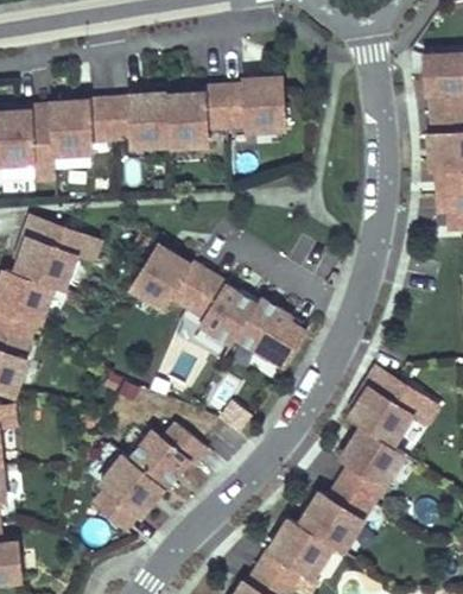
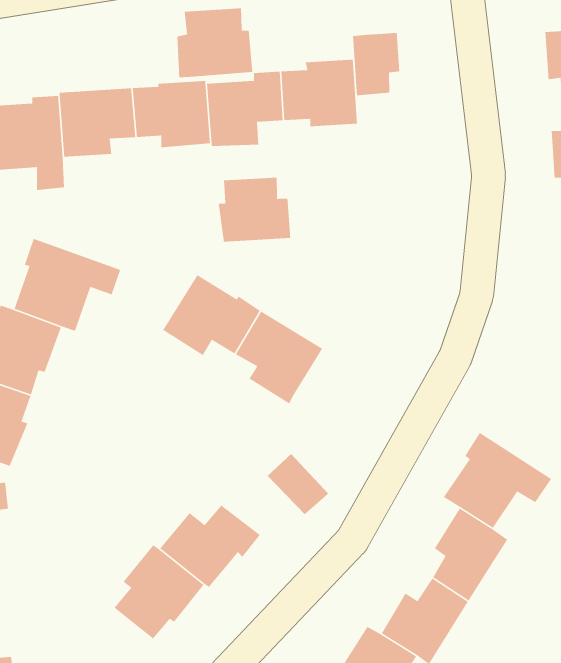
building: none -> [176,8,253,78]
building: none -> [352,32,400,96]
building: none -> [218,177,291,242]
building: [234,296,306,365] -> none

